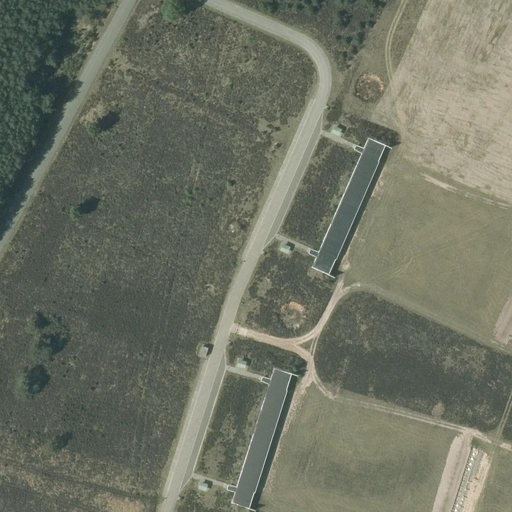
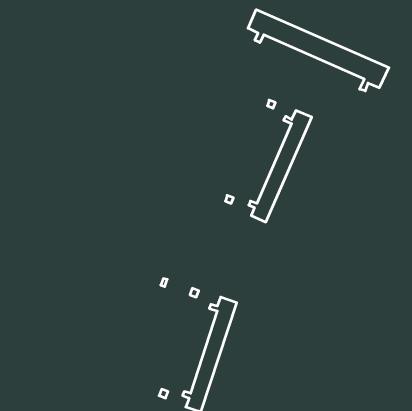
building: none -> [248,10,389,91]

